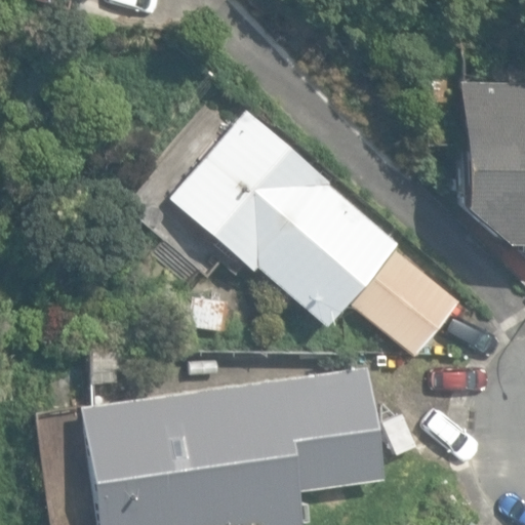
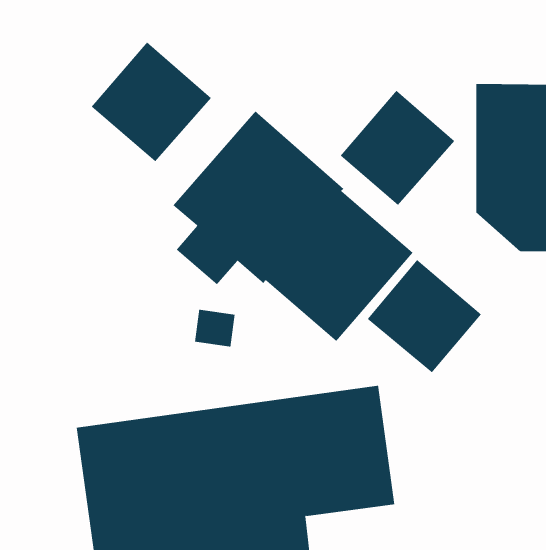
building: none -> [91,41,212,162]
building: none -> [340,90,455,206]

